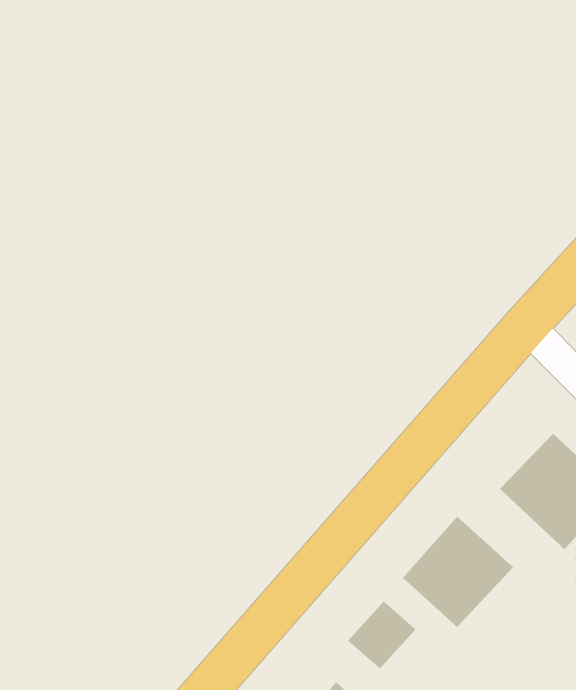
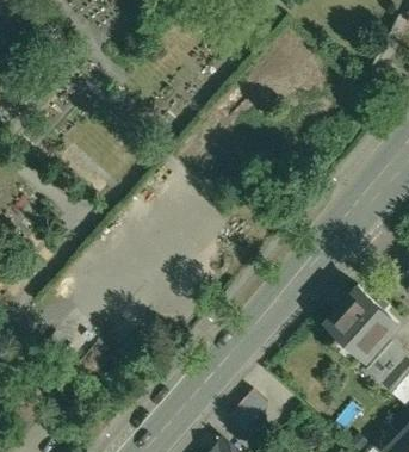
building: [402,516,514,628] -> none

